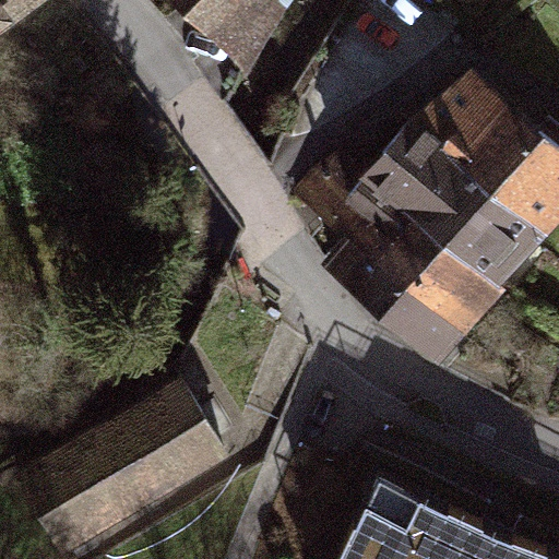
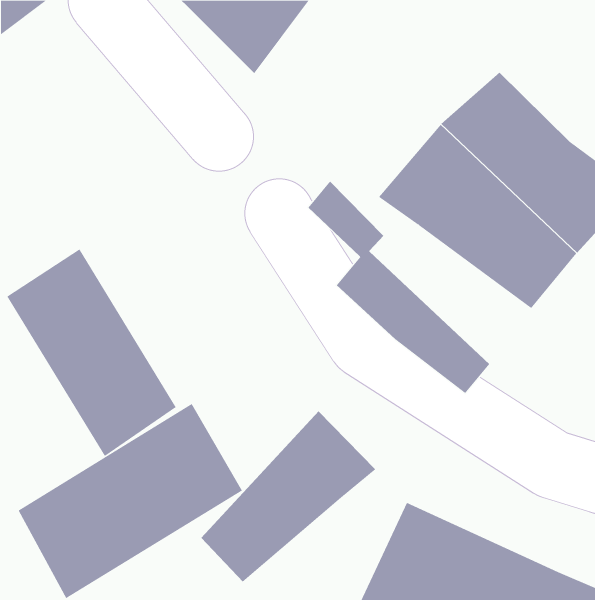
building: [312,148,499,340] -> none
building: none -> [6,249,177,457]
building: none -> [201,410,376,583]

